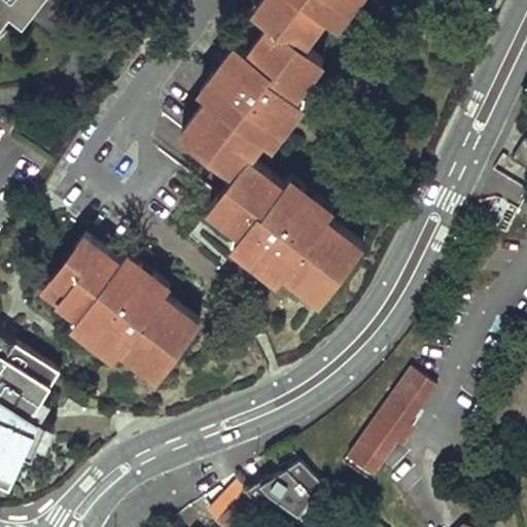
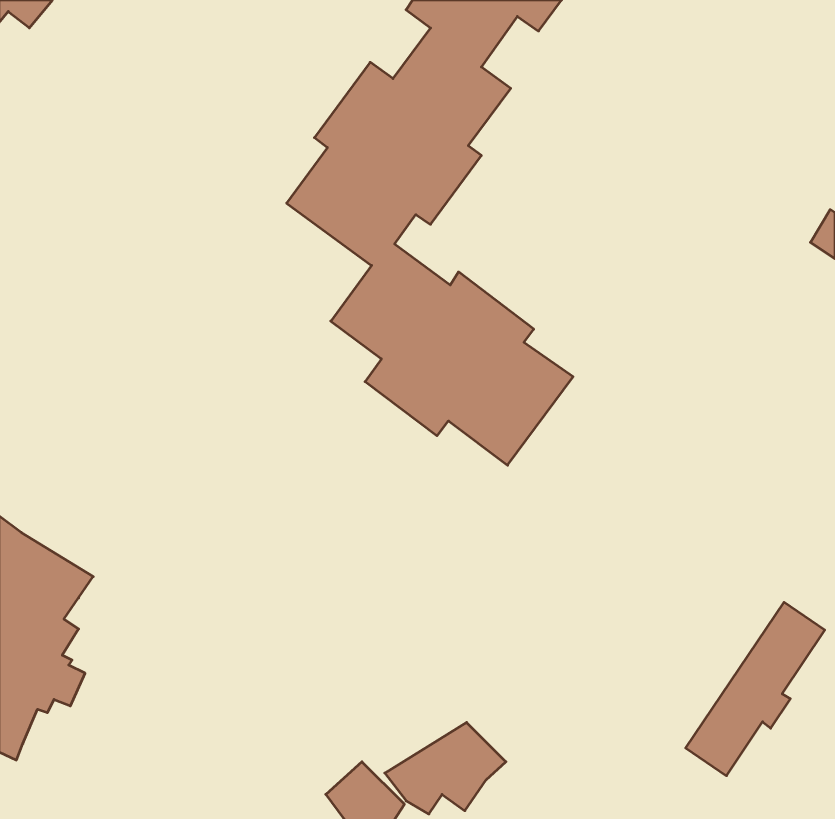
building: [40,239,194,378] -> none
building: [348,375,435,484] -> [686,602,825,776]

